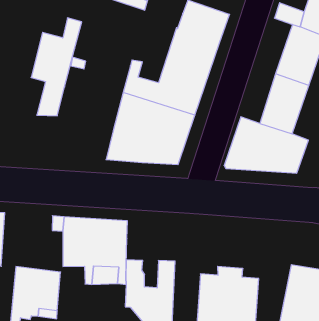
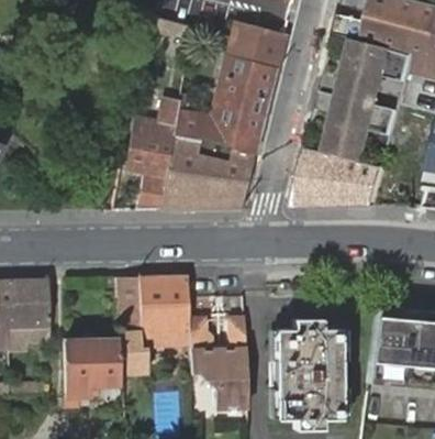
building: [31,18,82,116] -> [125,98,177,210]
building: none -> [120,331,147,374]

